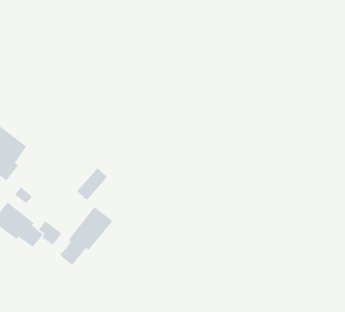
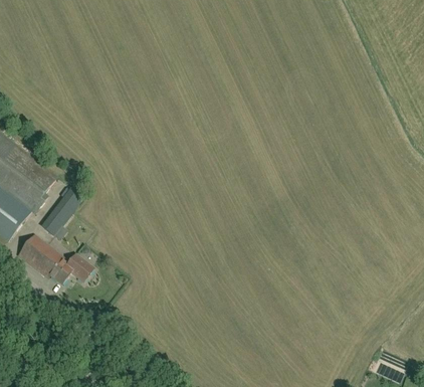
building: [77,168,108,201] -> [51,186,84,221]
building: [60,206,114,266] -> none

